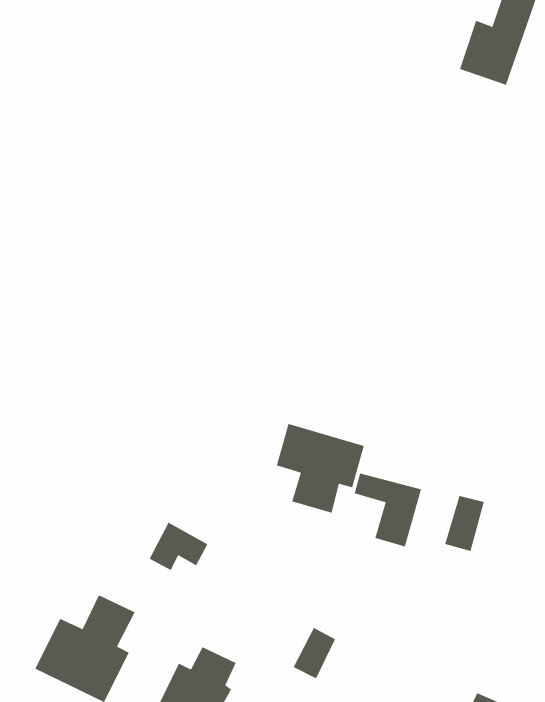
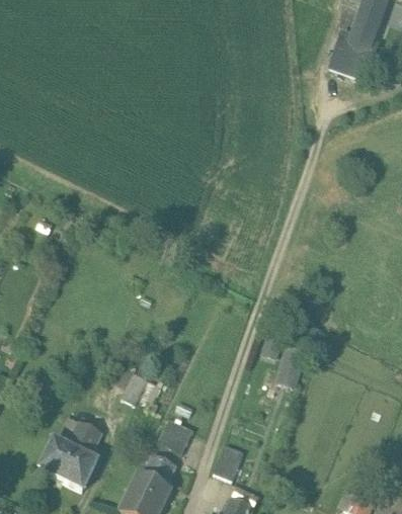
building: [276,423,364,514] -> none
building: [445,495,484,552] -> none
building: none -> [153,418,189,454]

